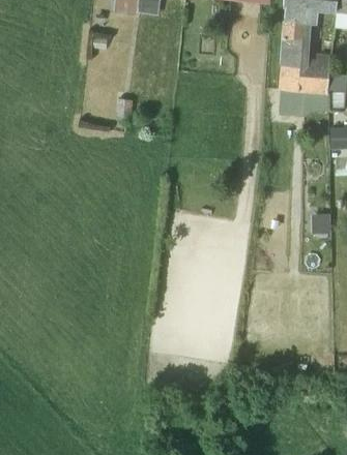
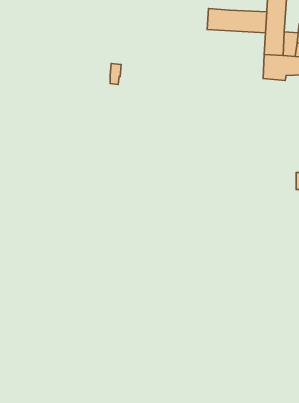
building: none -> [207,9,267,33]

